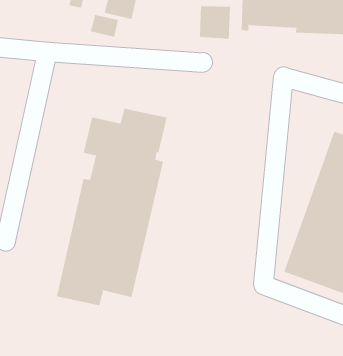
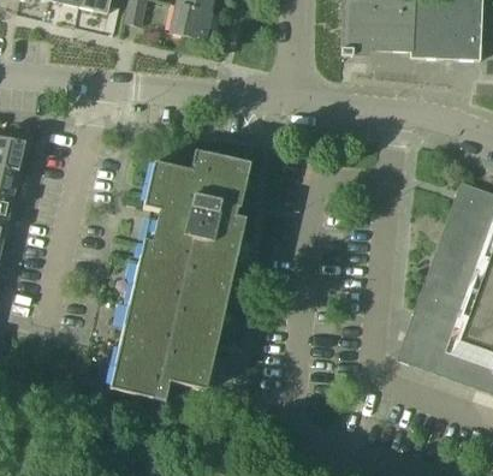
building: [199,5,231,40] -> none
building: [90,14,118,38] -> none

